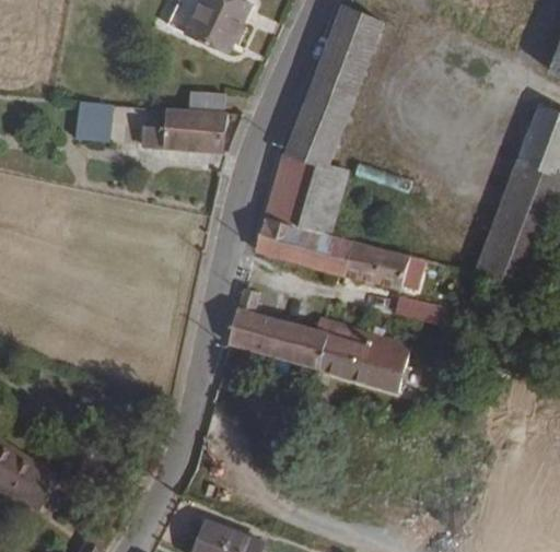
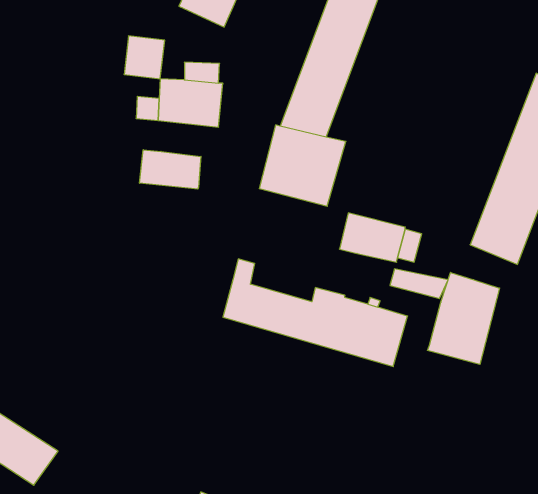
building: [73,99,114,142] -> [124,36,165,79]
building: none -> [140,150,201,189]
building: [254,216,352,277] -> none
building: none -> [427,272,500,364]

